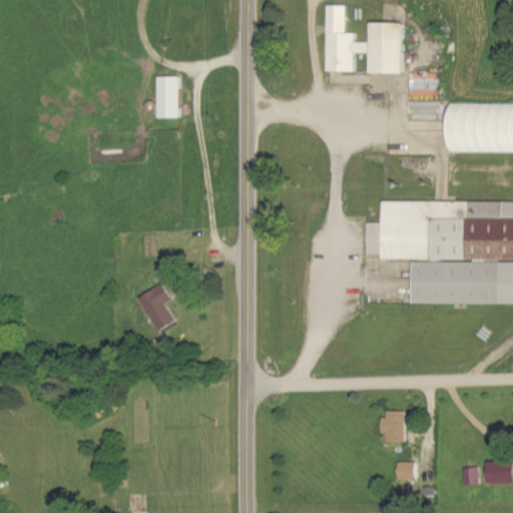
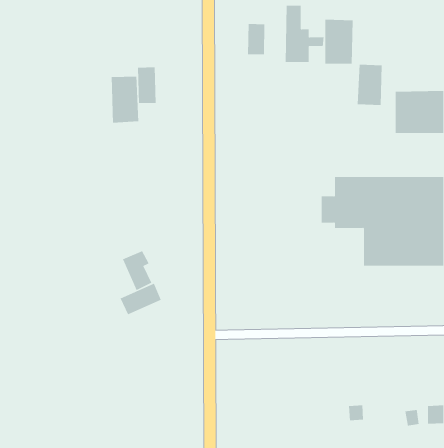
building: none -> [248,23,265,55]
building: none -> [111,76,139,123]
building: none -> [120,283,161,315]
building: [382,412,404,443] -> none

